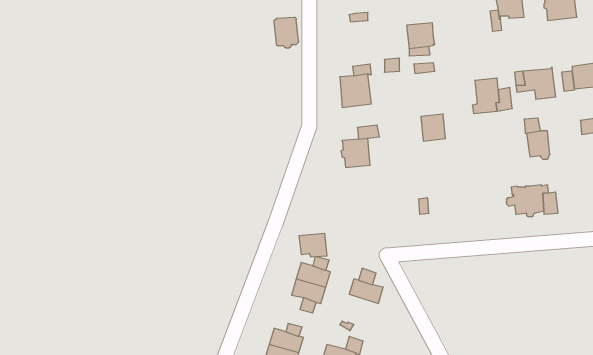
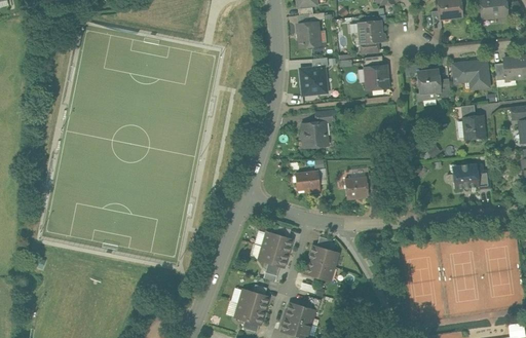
building: [274,17,299,48] -> [297,23,318,49]
building: [421,114,446,141] -> [365,66,386,89]
building: none -> [344,177,367,199]
building: [299,233,327,257] -> [294,172,318,192]
building: none -> [303,259,333,280]

